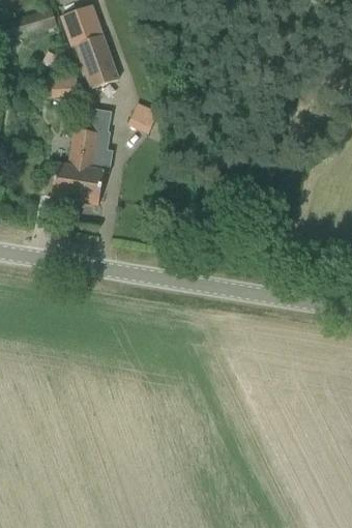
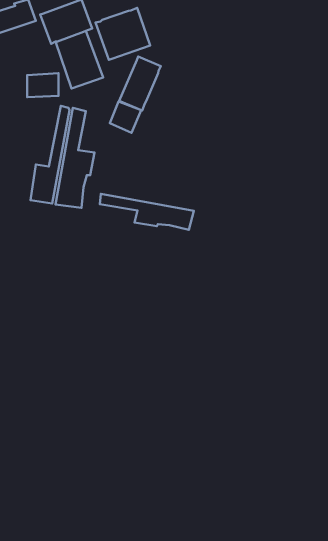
building: none -> [96,8,150,60]
building: none -> [119,57,161,110]
building: none -> [100,194,194,230]

